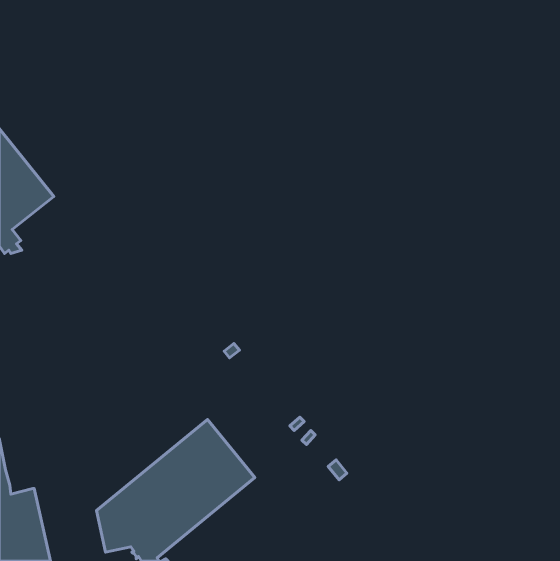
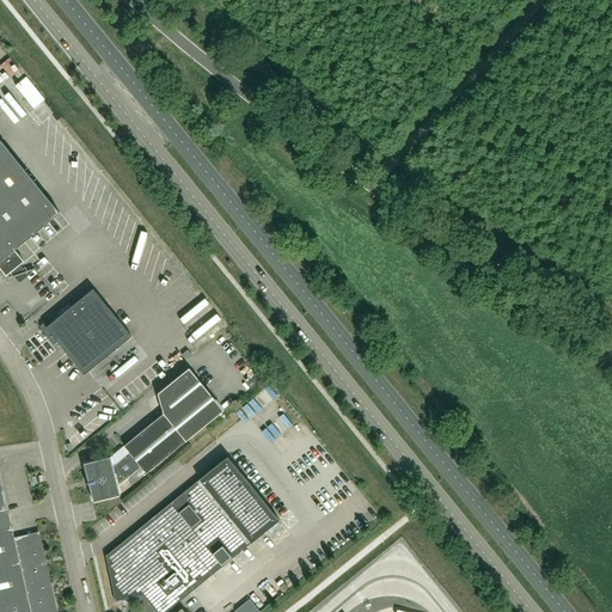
building: none -> [39,289,130,374]
building: none -> [82,368,222,502]

